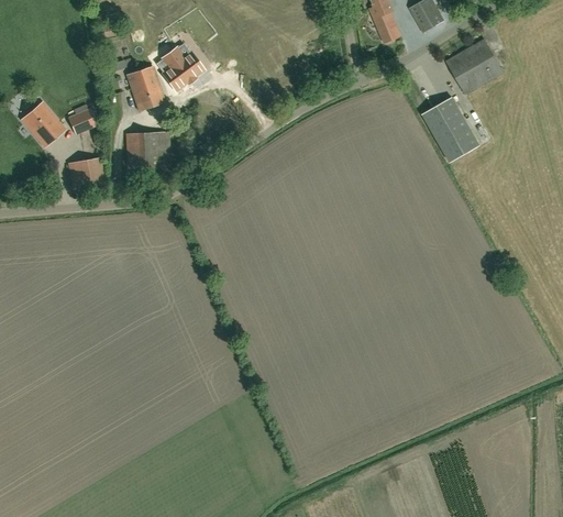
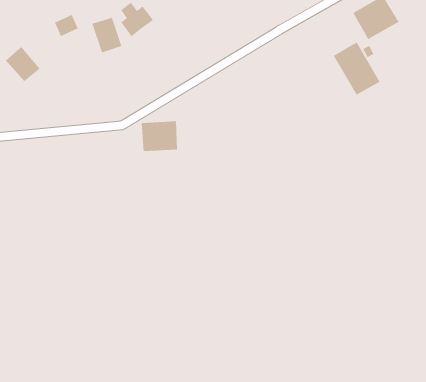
building: [67,107,97,134] -> [54,14,79,37]
building: [124,131,169,168] -> [141,121,178,151]
building: [67,157,103,189] -> none

